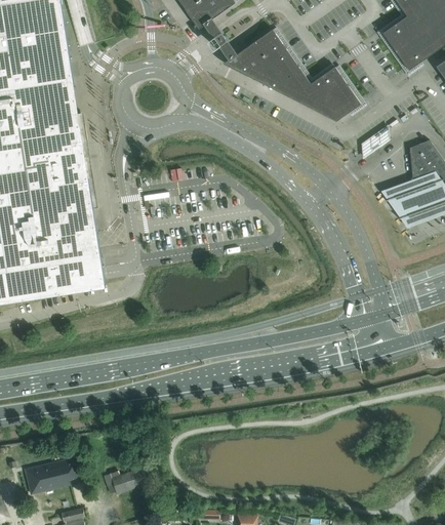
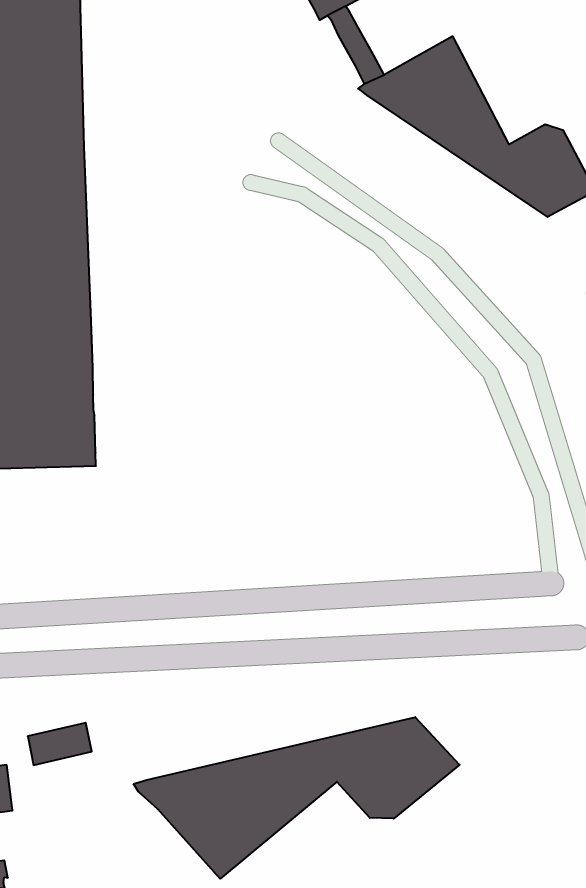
building: none -> [134,717,460,879]
building: [111,467,147,493] -> [28,723,92,765]

